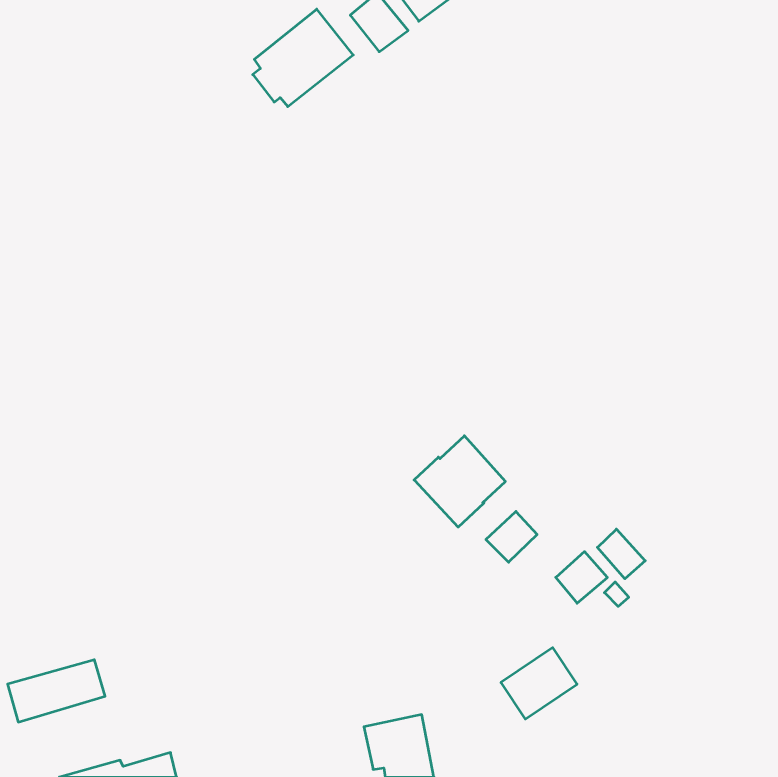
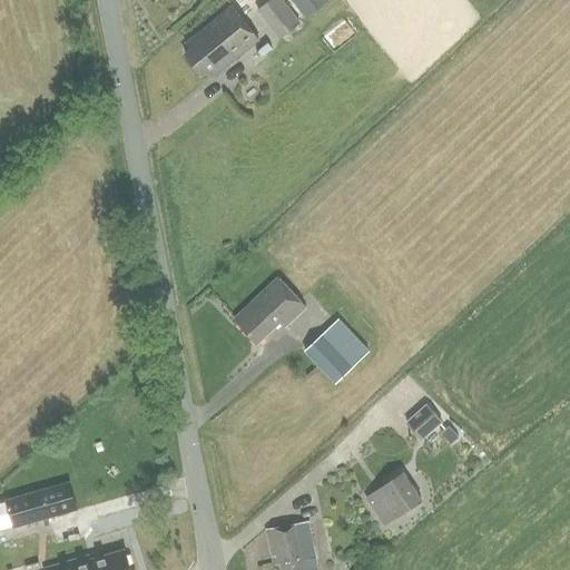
building: none -> [232,277,306,344]
building: [486,511,537,562] -> none
building: [597,529,645,579] -> none

